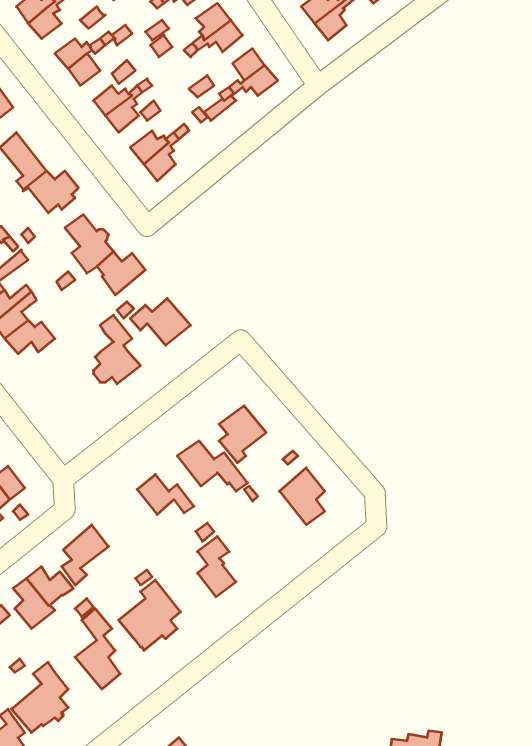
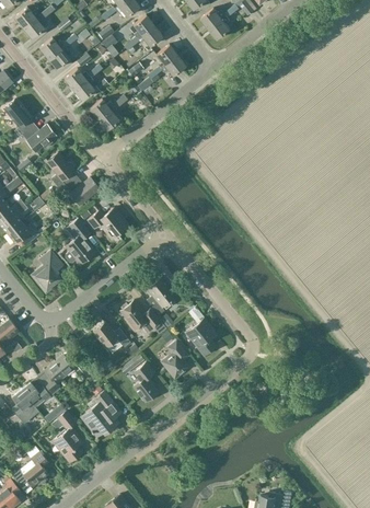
building: none -> [38,252,61,292]
building: none -> [162,340,188,379]

